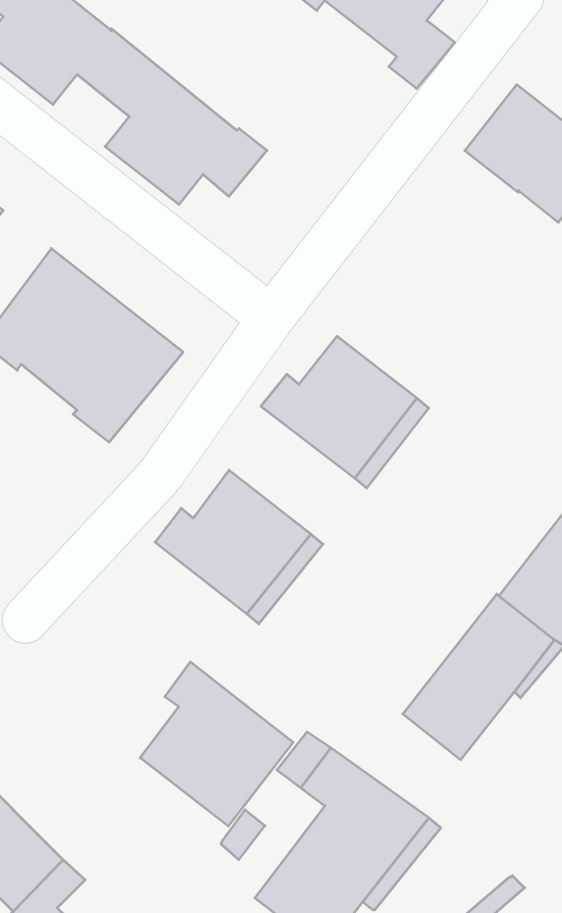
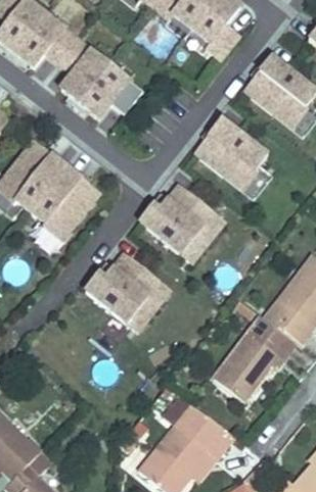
building: none -> [195,118,267,189]
building: [140,662,293,826] -> none

